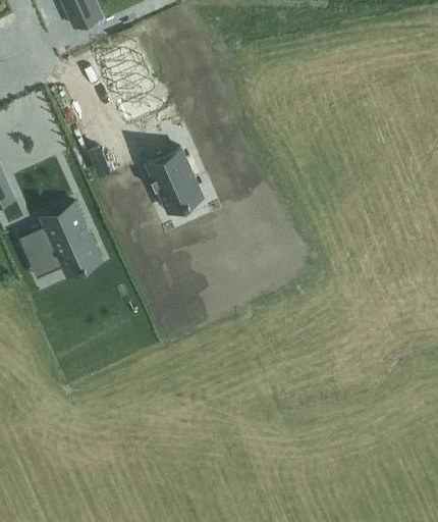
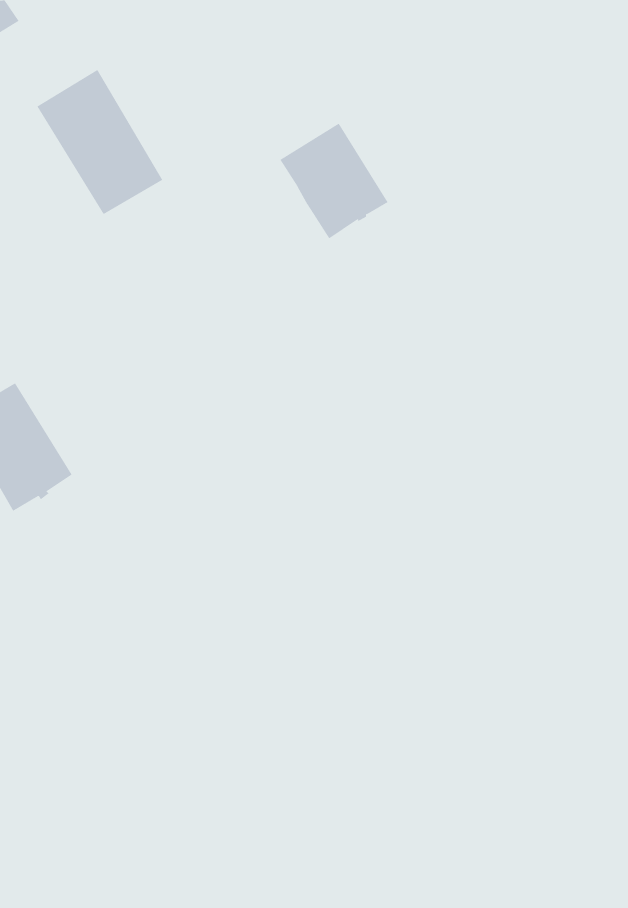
building: [148,149,202,209] -> [280,123,389,239]

